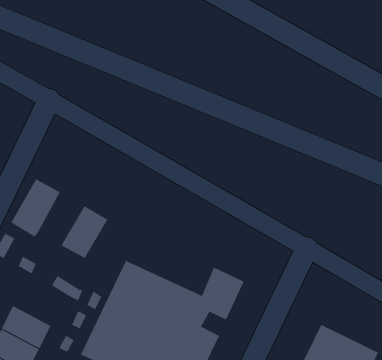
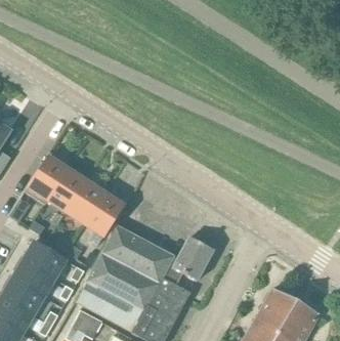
building: none -> [48,169,86,212]
building: none -> [85,194,124,237]
building: none -> [24,243,65,278]

